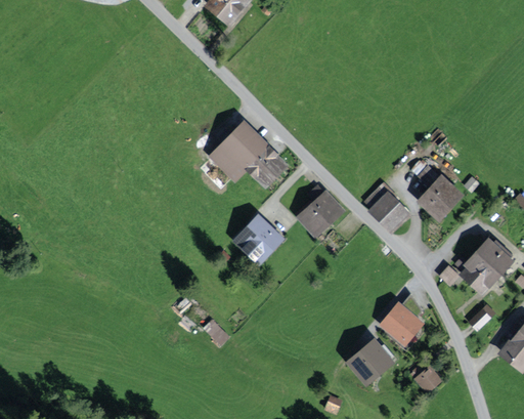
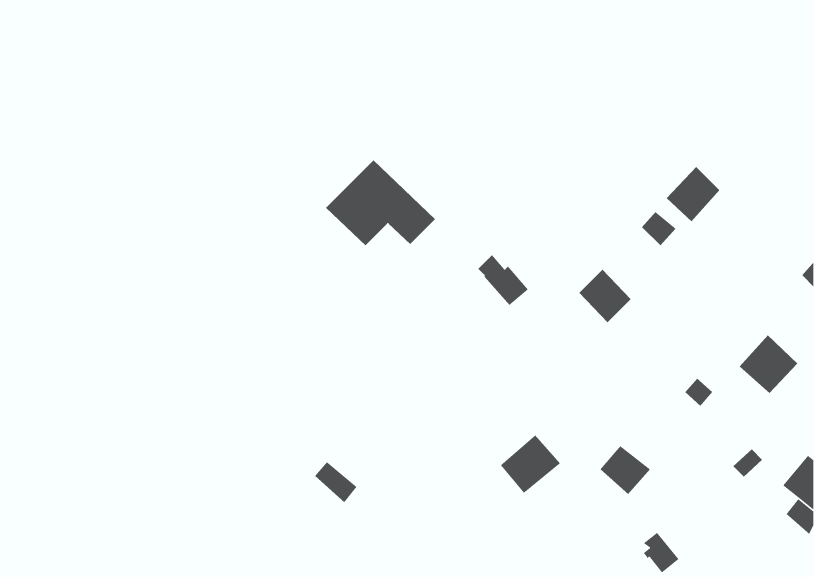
building: [423,180,457,216] -> [666,166,720,222]
building: [299,201,329,234] -> none
building: [238,219,279,260] -> none
building: [455,257,497,292] -> none
building: [352,344,391,382] -> [500,435,561,494]

